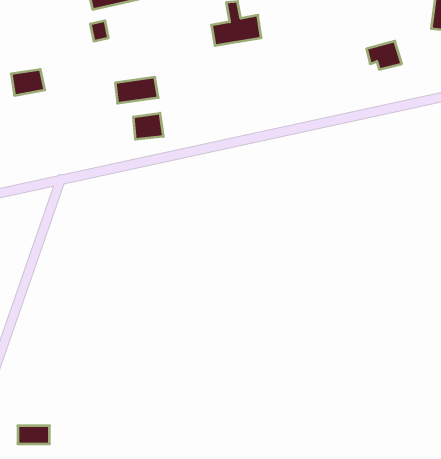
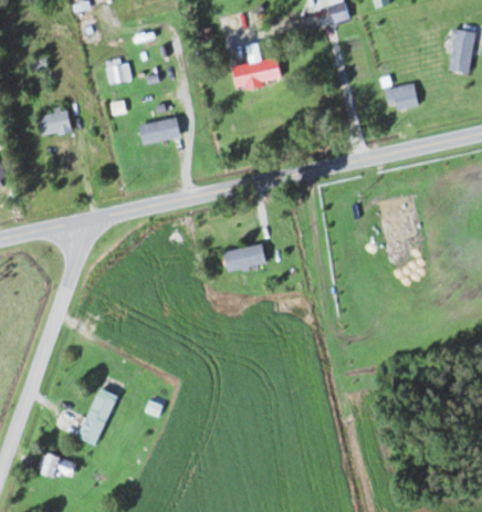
building: [133,113,163,139] -> none
building: none -> [222,243,265,272]
building: none -> [76,388,118,446]

